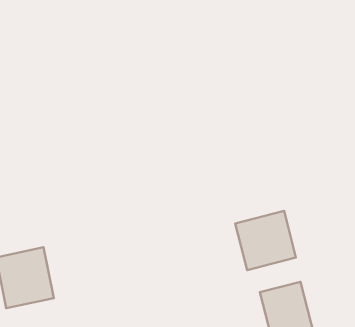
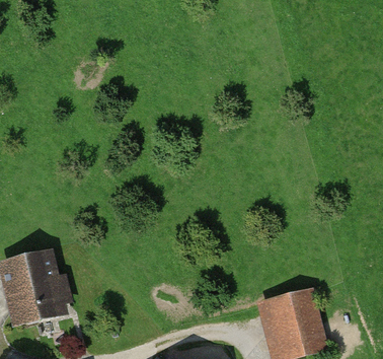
building: [235,211,296,270] -> none

